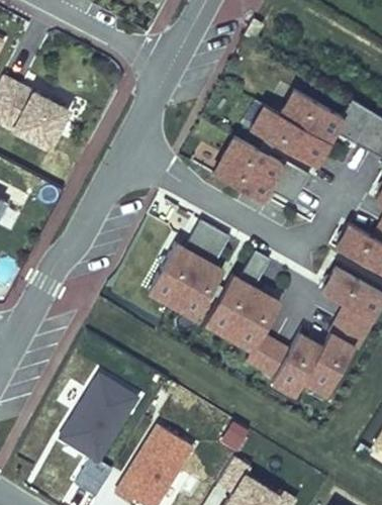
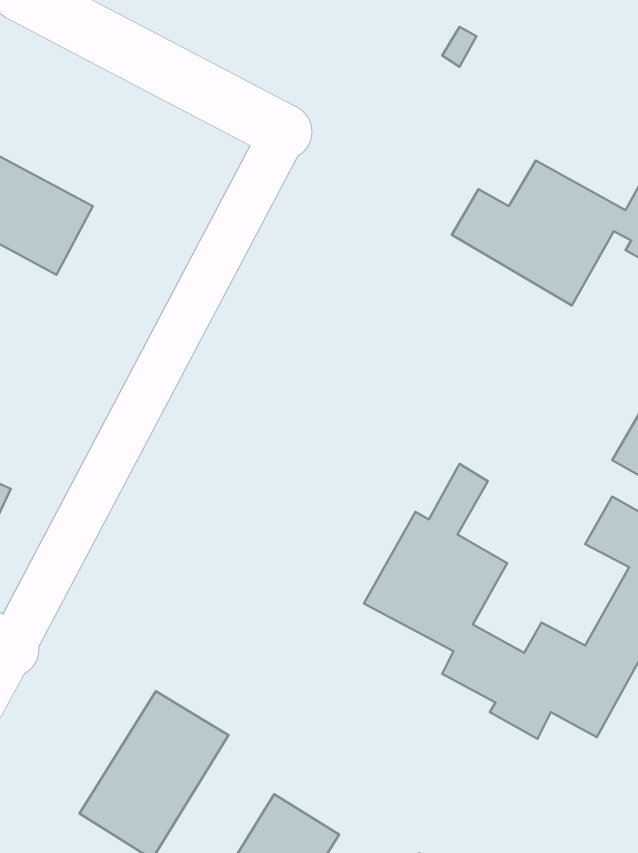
building: [215,136,312,203] -> none
building: [151,219,232,318] -> none

